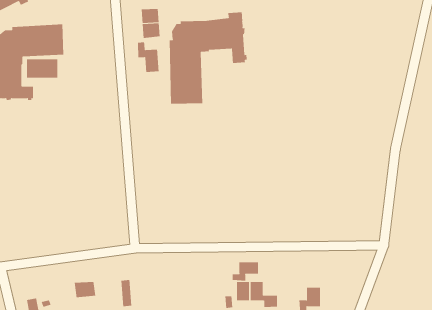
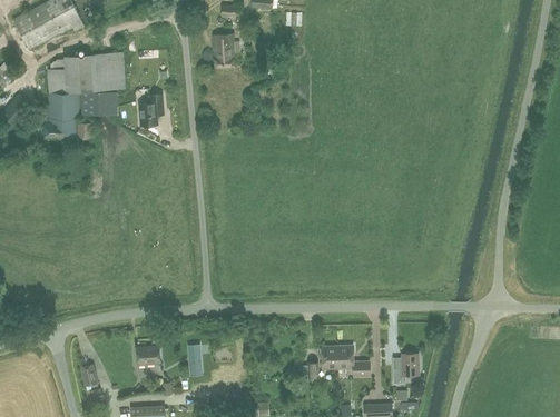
building: [169,12,247,105] -> none
building: [138,42,159,73] -> none
building: none -> [139,92,163,125]
building: [232,261,258,281] -> none

